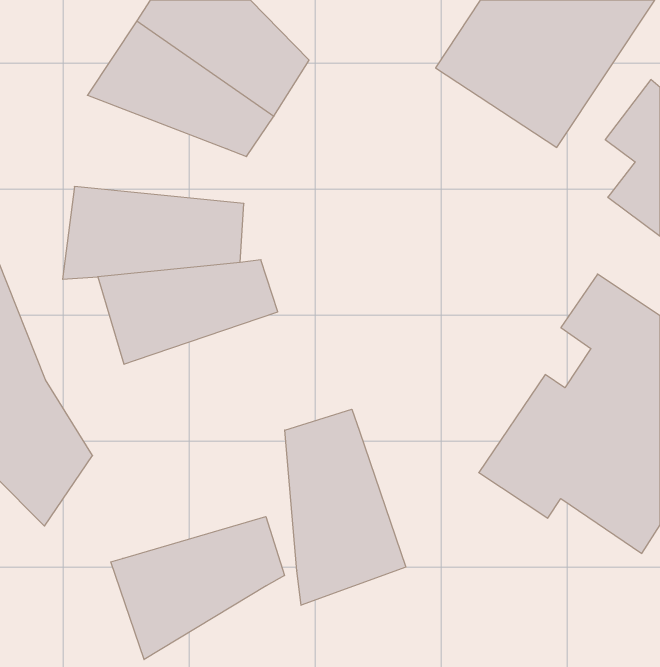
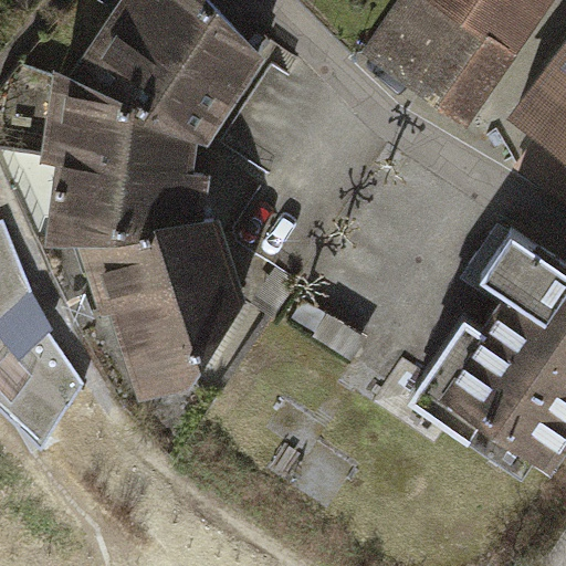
building: none -> [45,73,192,170]
building: none -> [115,264,245,394]
building: [285,409,406,605] -> none
building: [111,517,284,660] -> none

